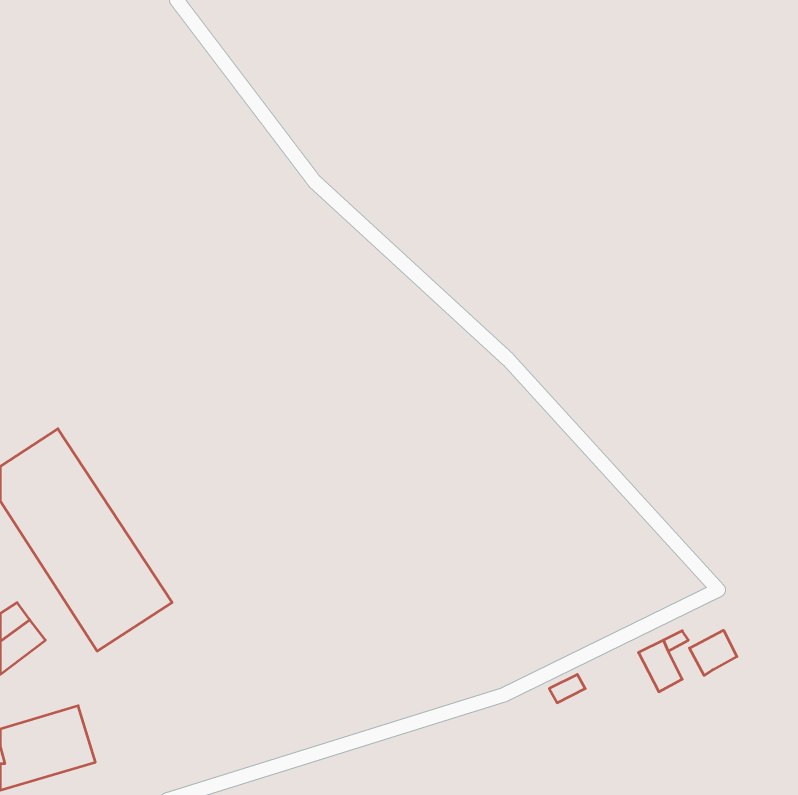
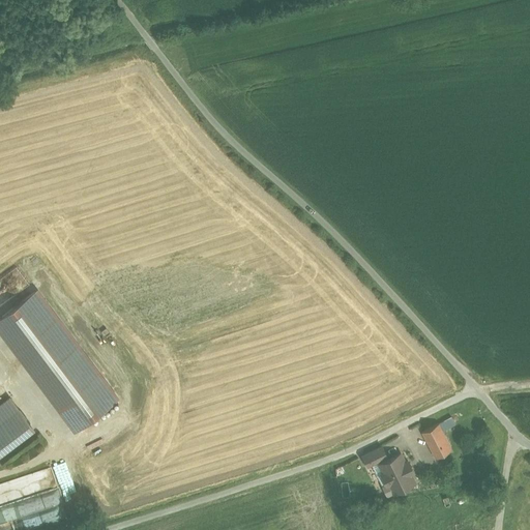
building: [689,630,737,675] -> none
building: none -> [381,457,416,498]

